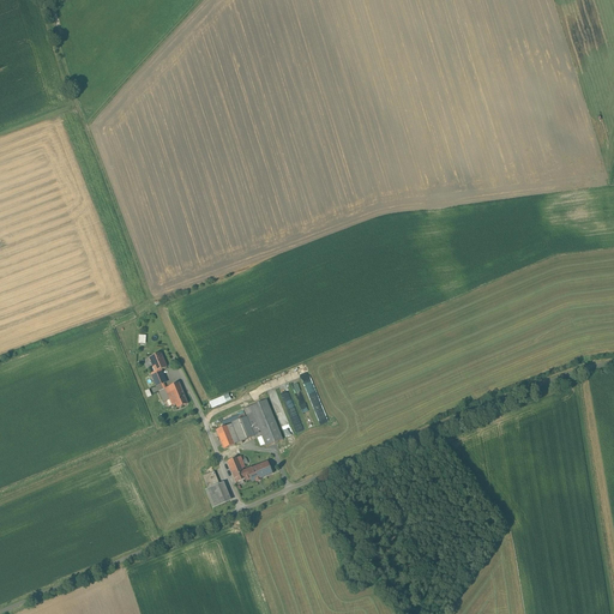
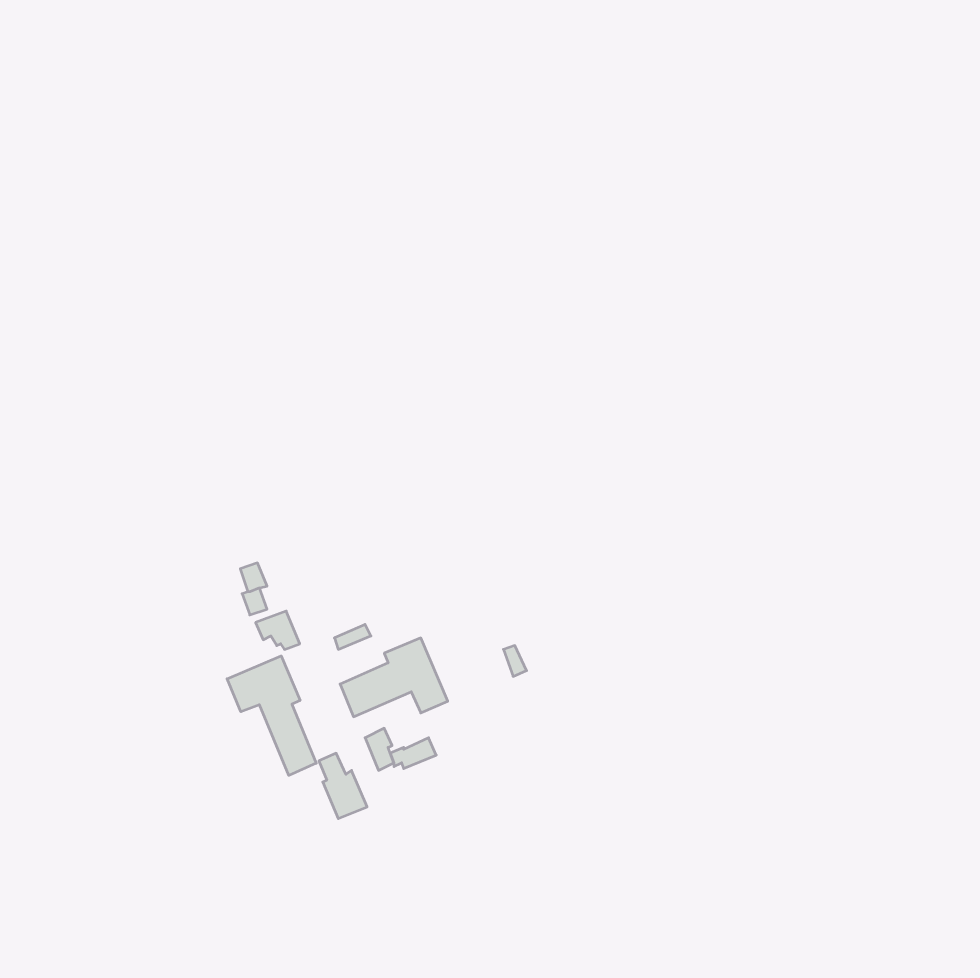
building: none -> [227,656,316,775]

